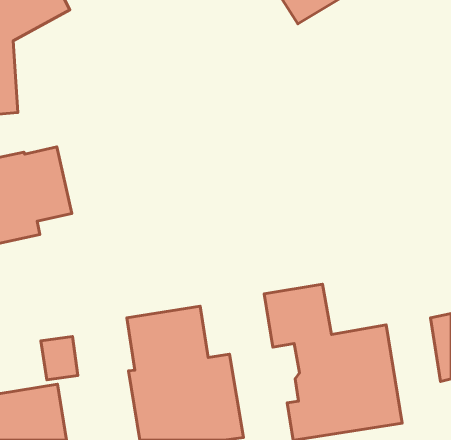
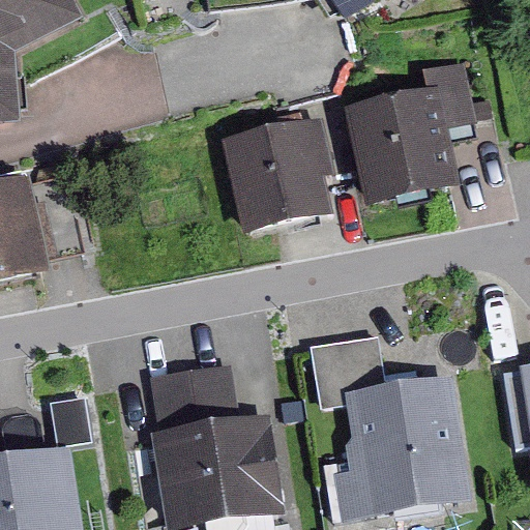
building: none -> [340,60,476,212]
building: none -> [218,116,335,237]

